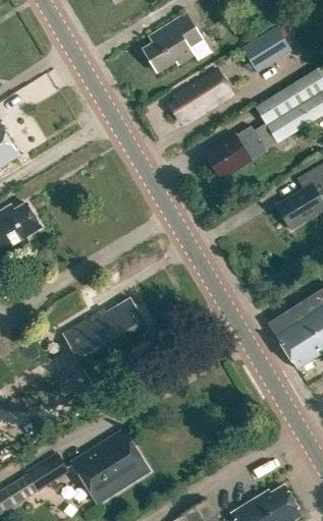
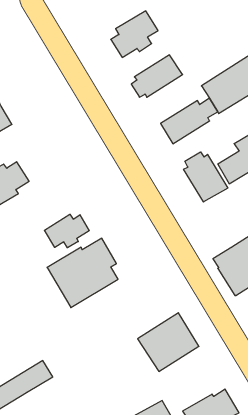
building: [243,20,298,72] -> none
building: none -> [184,152,228,202]
building: none -> [44,214,89,248]
building: [71,429,148,503] -> [138,313,199,371]

